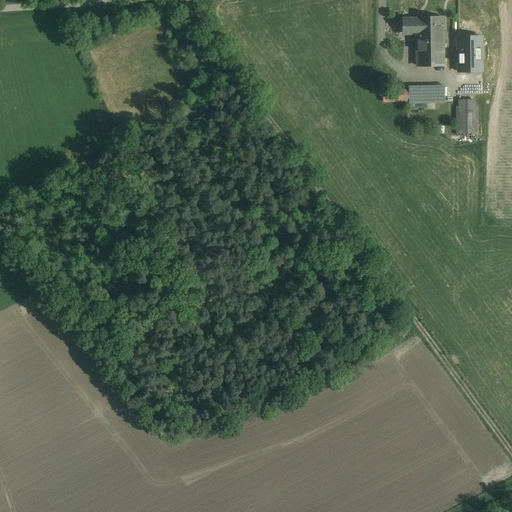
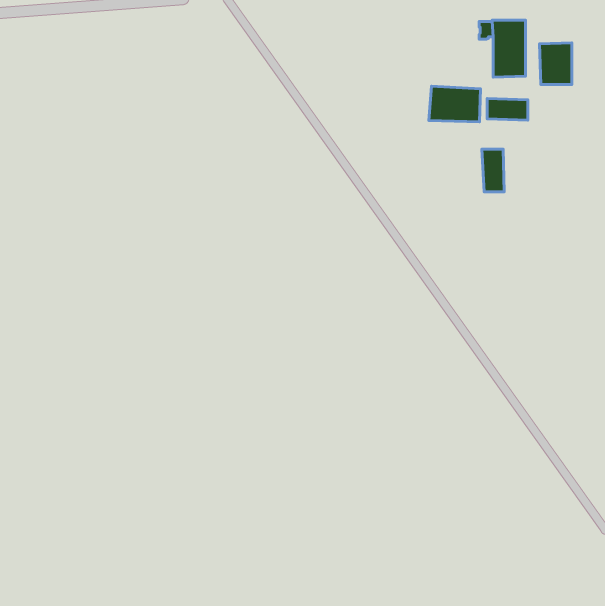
building: none -> [429,86,480,122]
building: [458,98,477,134] -> [482,149,504,192]

